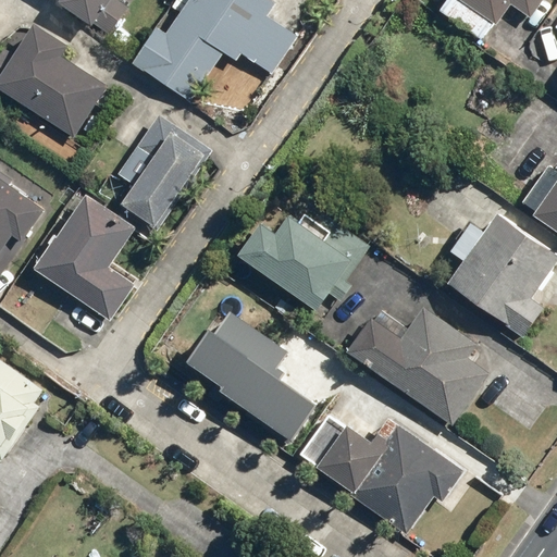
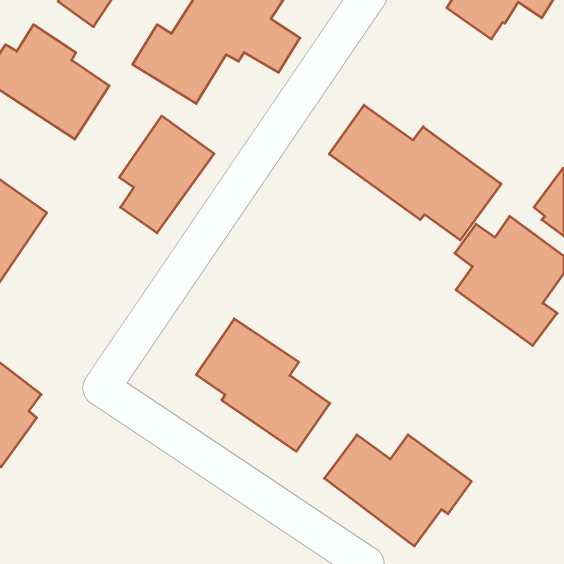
building: none -> [329,105,501,240]
building: [33,193,135,322] -> none
building: [236,211,370,311] -> none
building: [347,306,487,425] -> none

